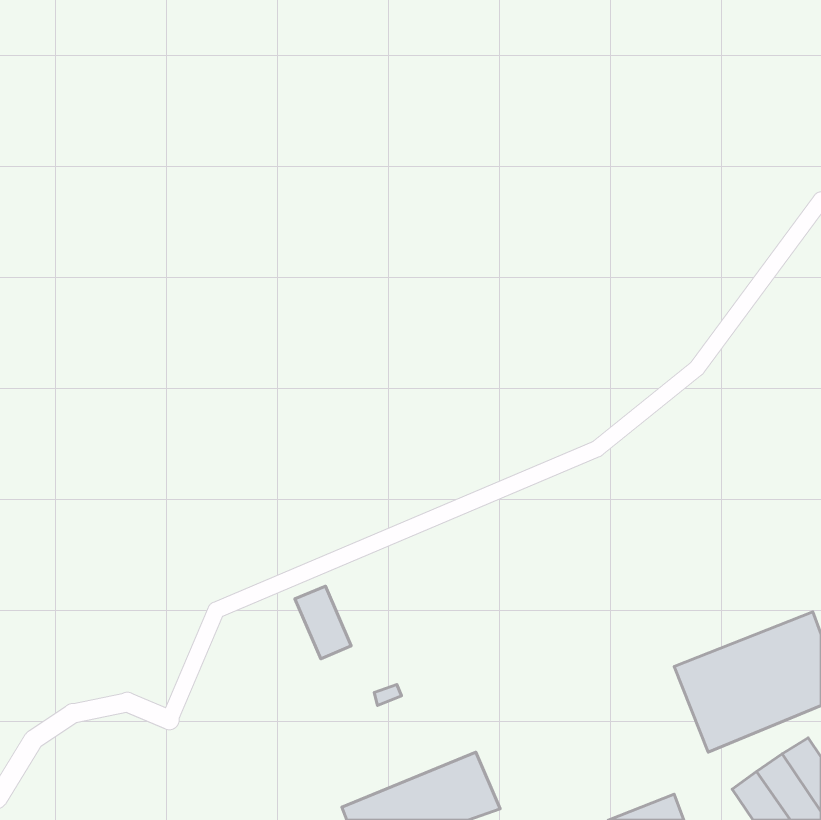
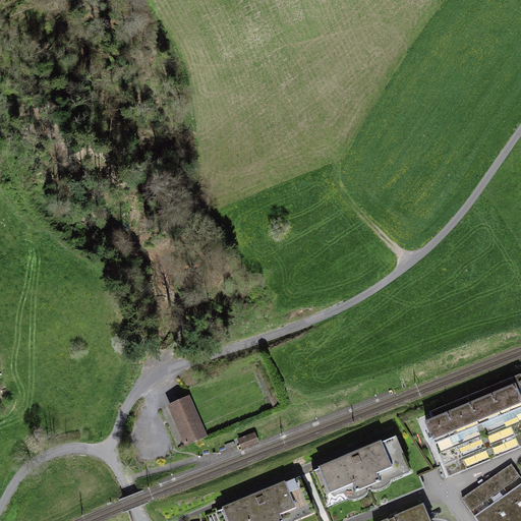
building: [295,586,351,659] -> [166,395,201,441]
building: none -> [312,433,412,504]

